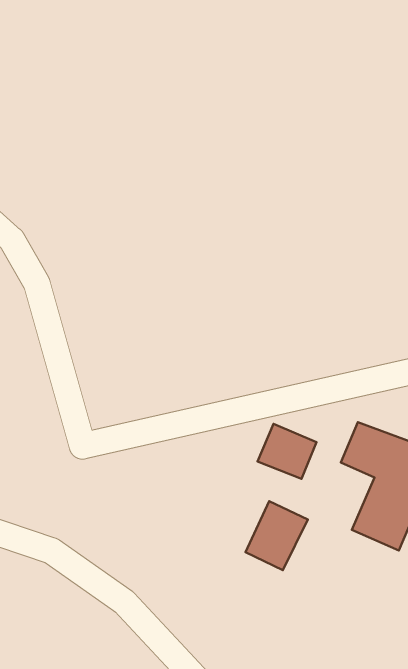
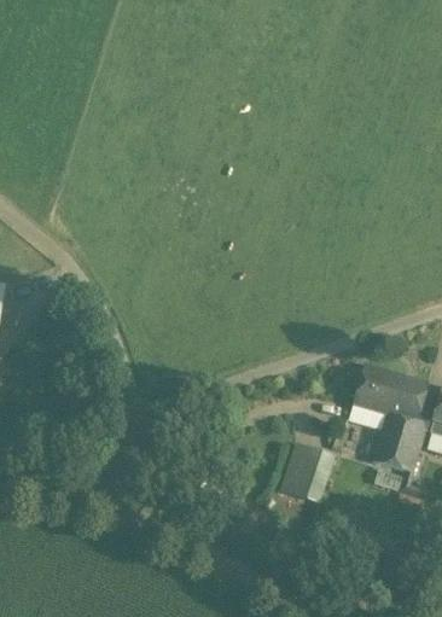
building: [258,424,316,479] -> none

